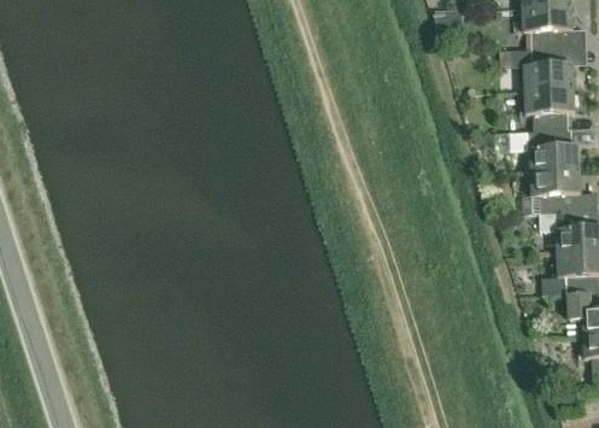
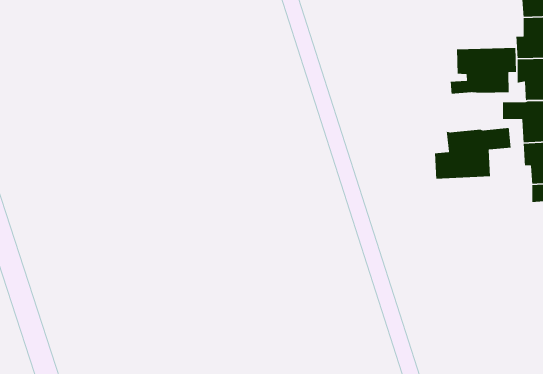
building: none -> [450,47,517,94]
building: none -> [434,127,511,179]

